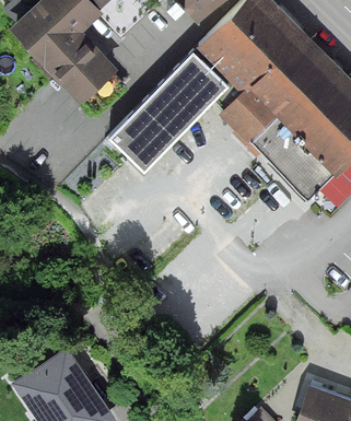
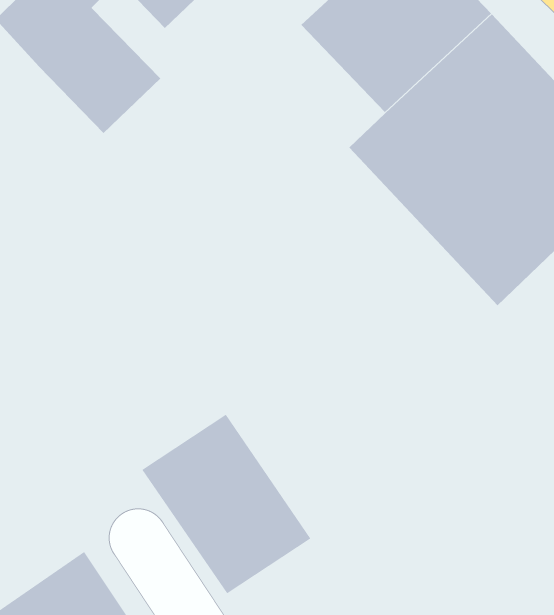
building: [107,50,227,172] -> none
building: none -> [141,414,311,594]

